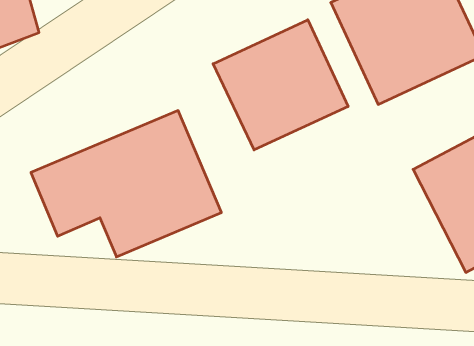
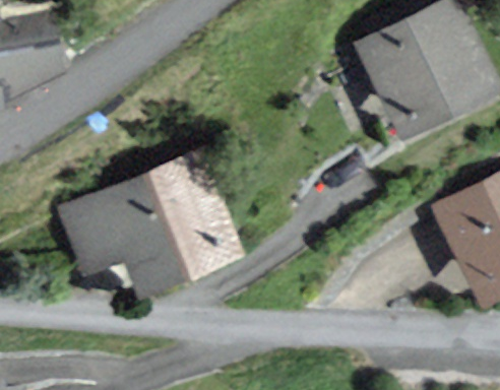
building: [213,20,348,150] -> none

